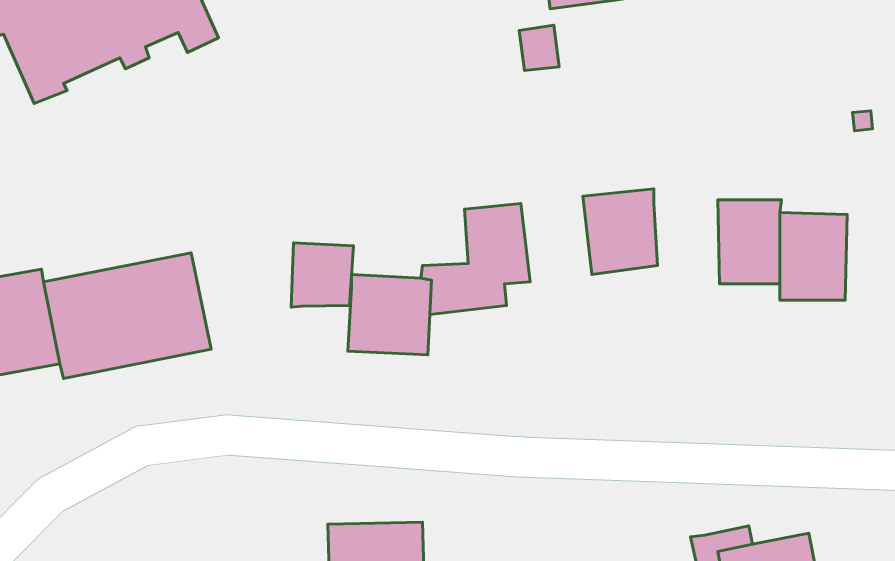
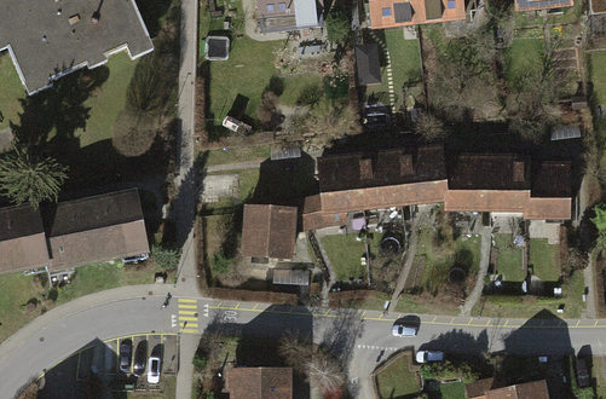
building: none -> [353,152,400,209]
building: none -> [441,155,485,210]
building: [291,243,353,307] -> none

